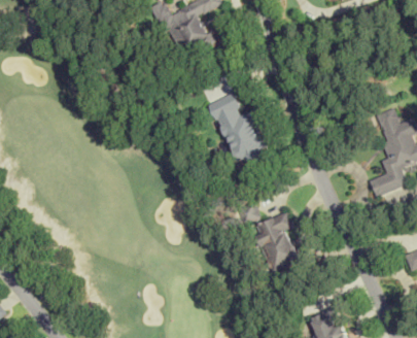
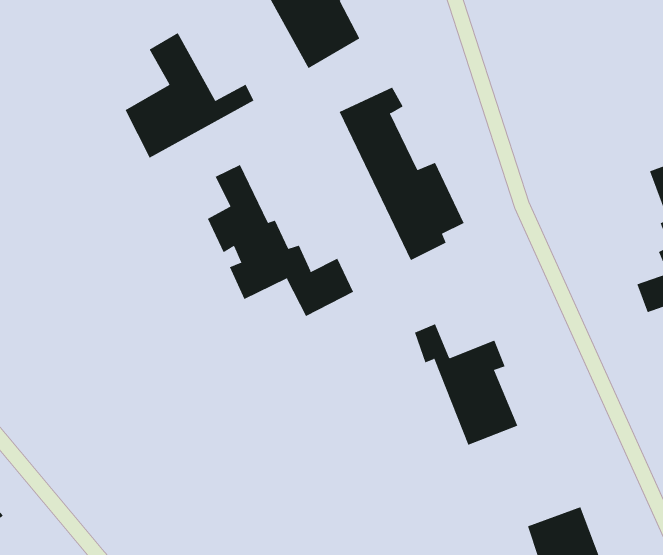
building: none -> [125,32,254,158]
building: none -> [207,164,354,317]

